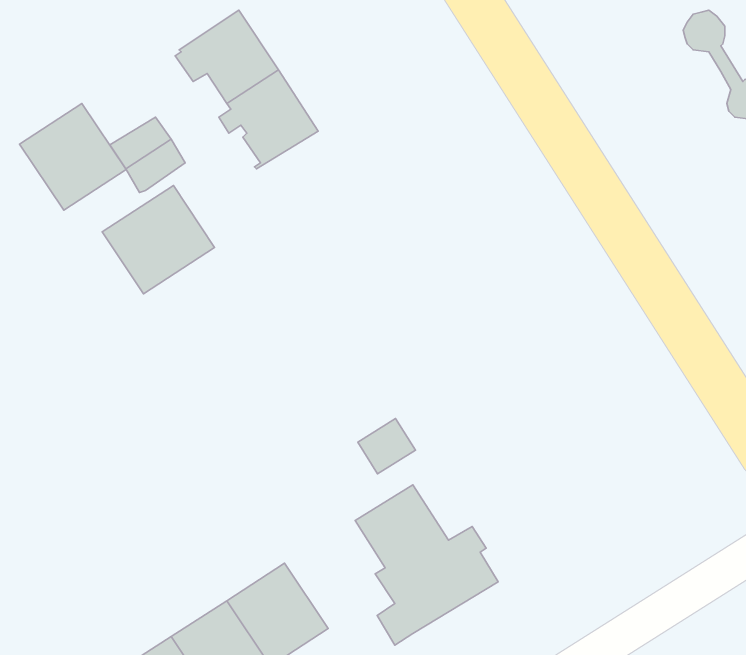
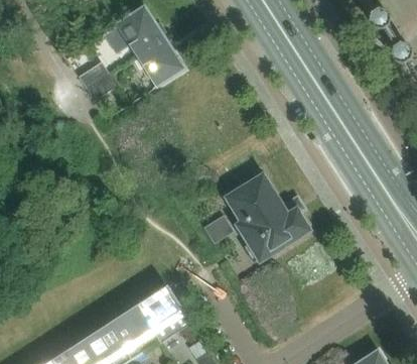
building: [20,104,126,210] -> none
building: [102,186,215,294] -> none
building: [355,485,498,645] -> [231,178,303,260]

